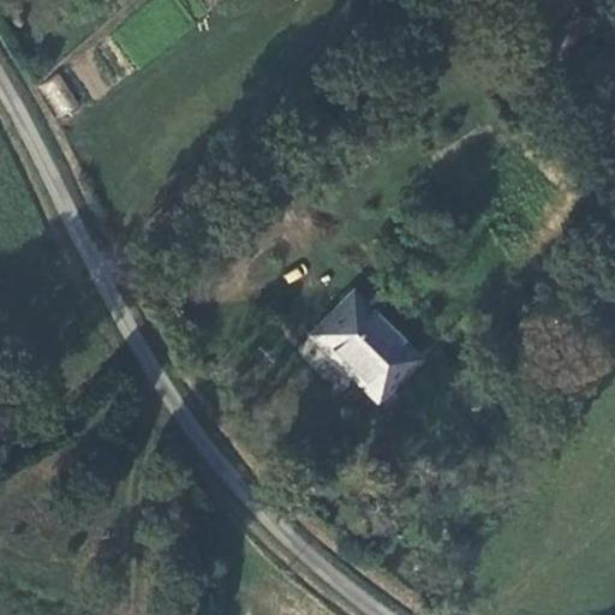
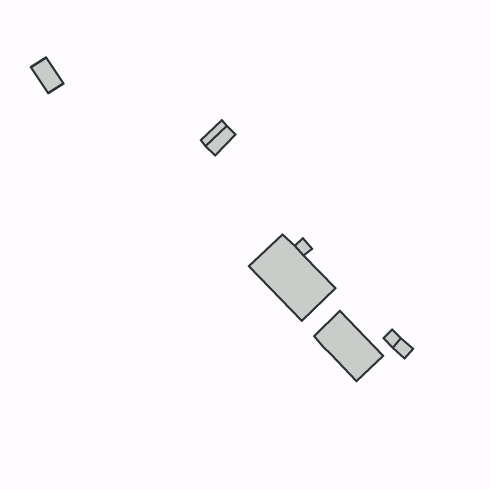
building: none -> [314,311,383,381]

